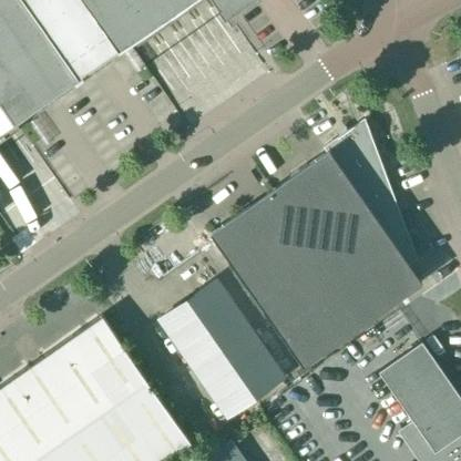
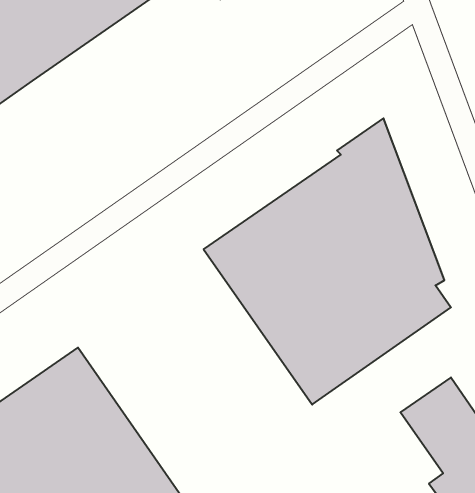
building: [158,281,286,420] -> none

